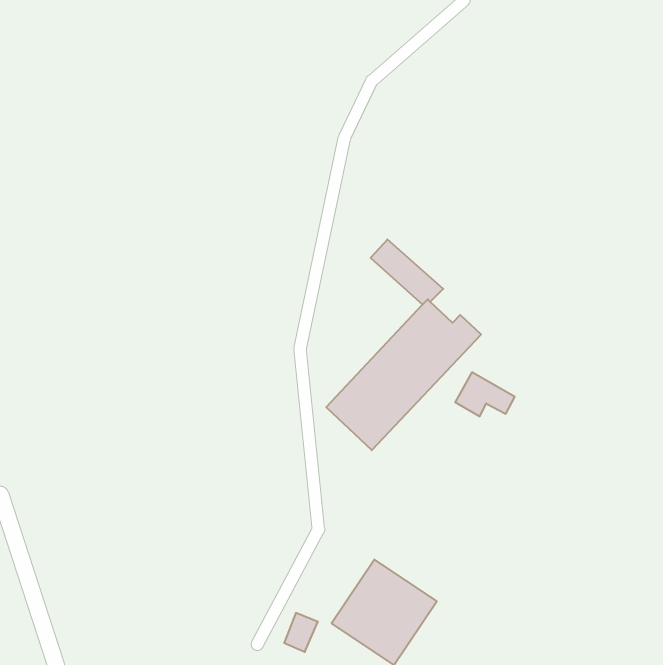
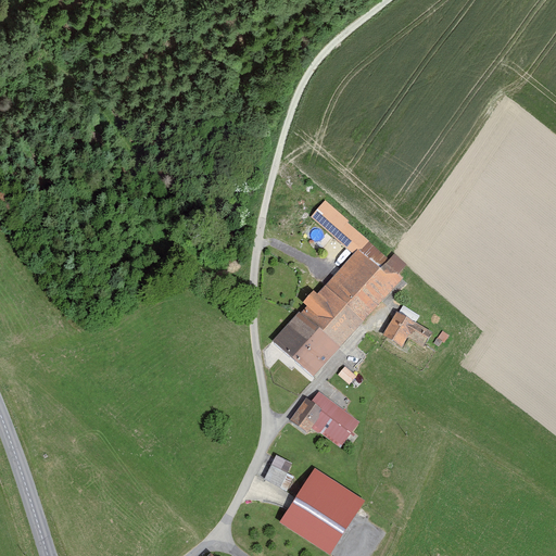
building: none -> [288,387,359,445]
building: [284,613,318,652] -> [265,454,293,486]

